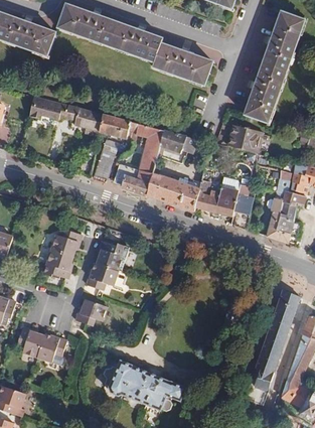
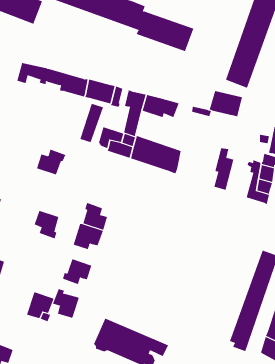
building: [195,179,240,216] -> none
building: [51,229,83,256] -> [36,149,66,175]
building: [17,326,46,358] -> [52,288,80,319]

